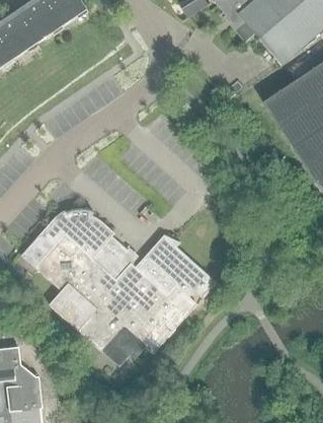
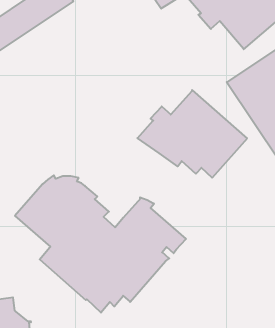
building: none -> [137,90,247,178]

